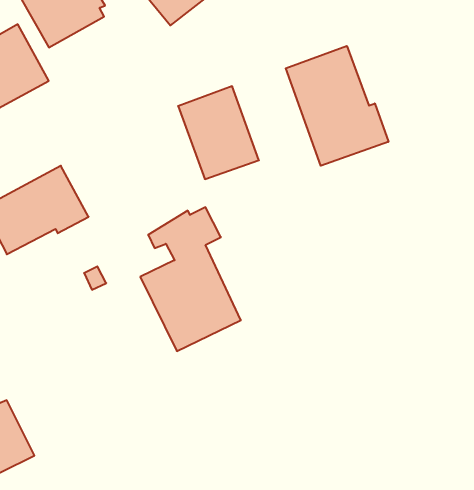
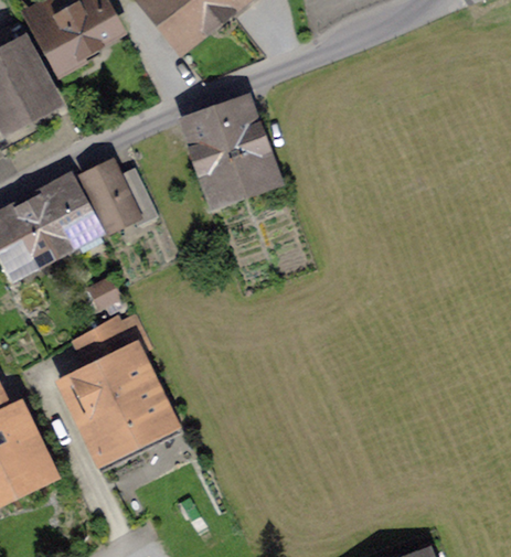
building: [286,46,388,166] -> none
building: none -> [86,169,156,227]
building: [140,207,241,351] -> [68,317,169,460]

